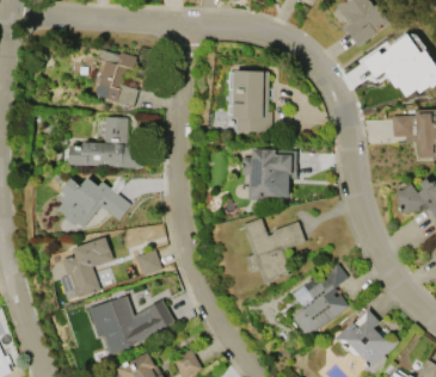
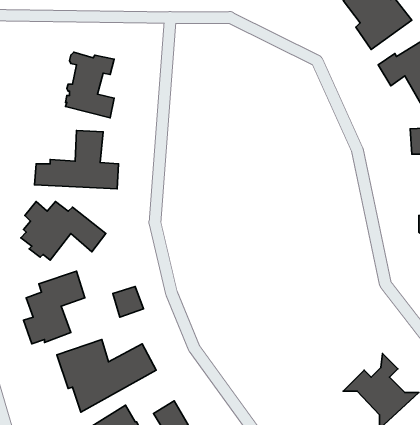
building: [233,70,271,132] -> none
building: [241,149,296,200] -> none
building: [241,218,305,284] -> none
building: [291,262,349,338] -> none

